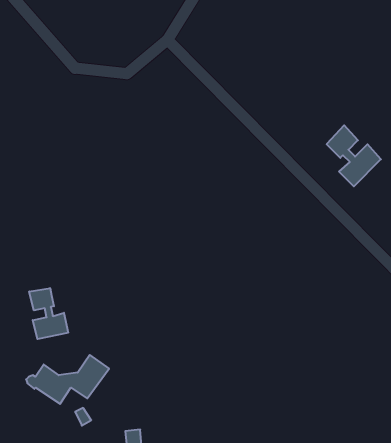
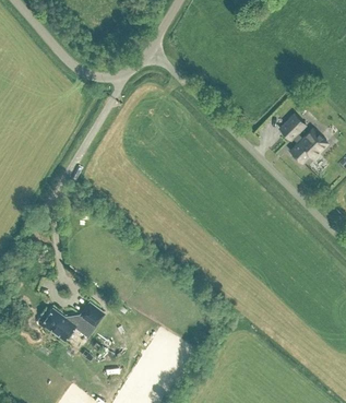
building: [29,288,68,339] -> none

